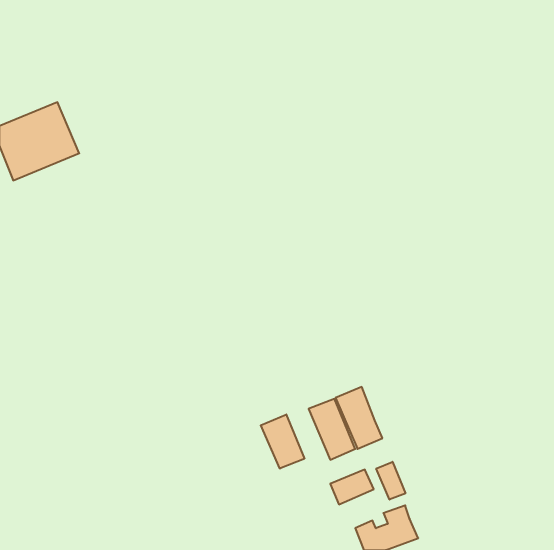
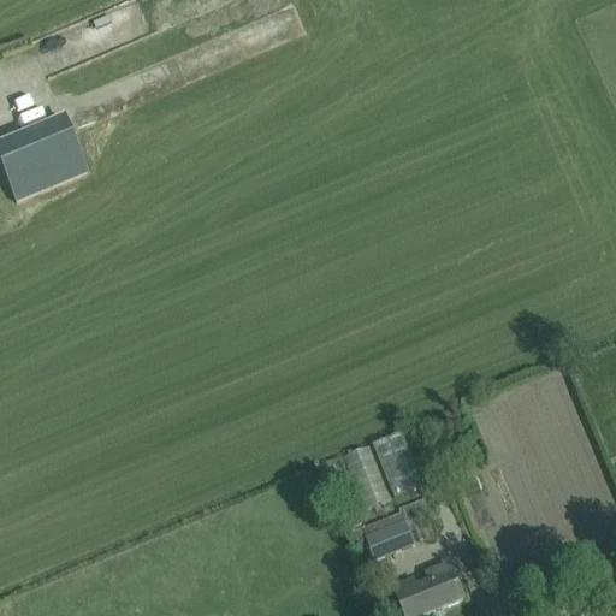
building: [261,414,304,469] -> none
building: [376,462,405,500] -> none

